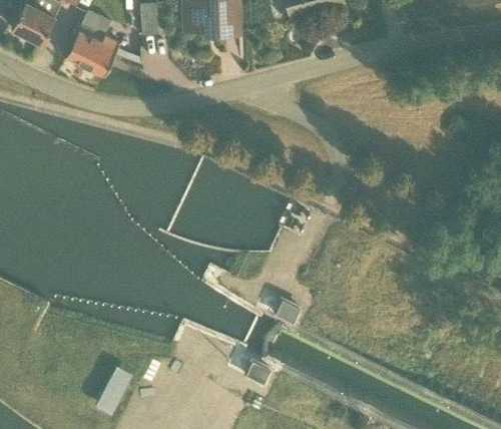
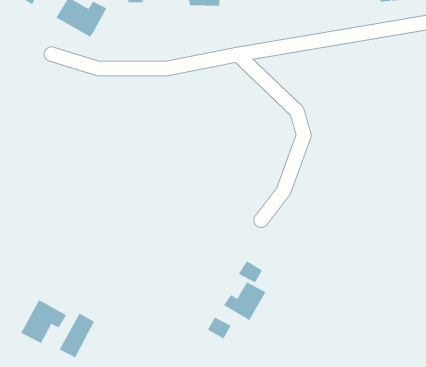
building: none -> [223,281,266,321]
building: none -> [21,300,67,344]

